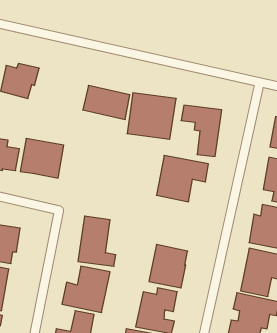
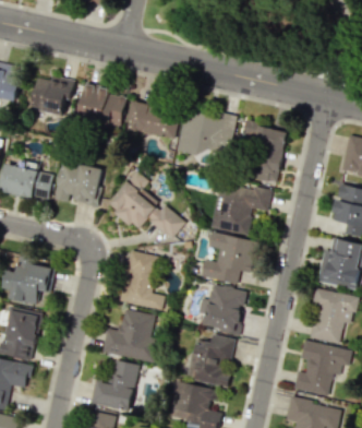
building: none -> [77,83,126,126]
building: none -> [110,170,185,239]
building: none -> [200,233,256,284]

